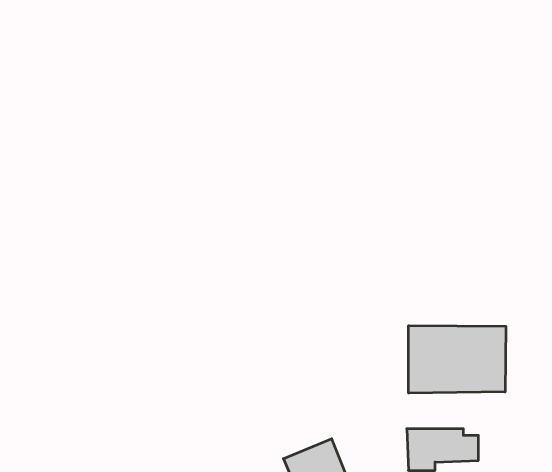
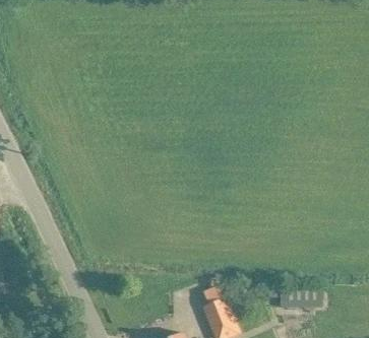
building: [409,326,506,393] -> none

